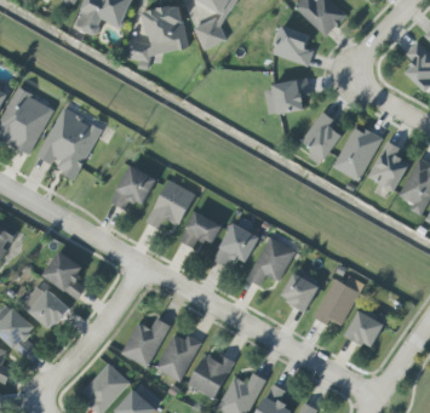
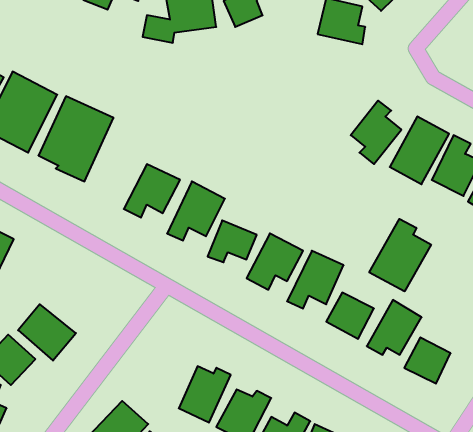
building: [263,80,309,115] -> none
building: none -> [369,219,431,291]
building: [42,252,85,299] -> none
building: [120,319,170,368] -> none

